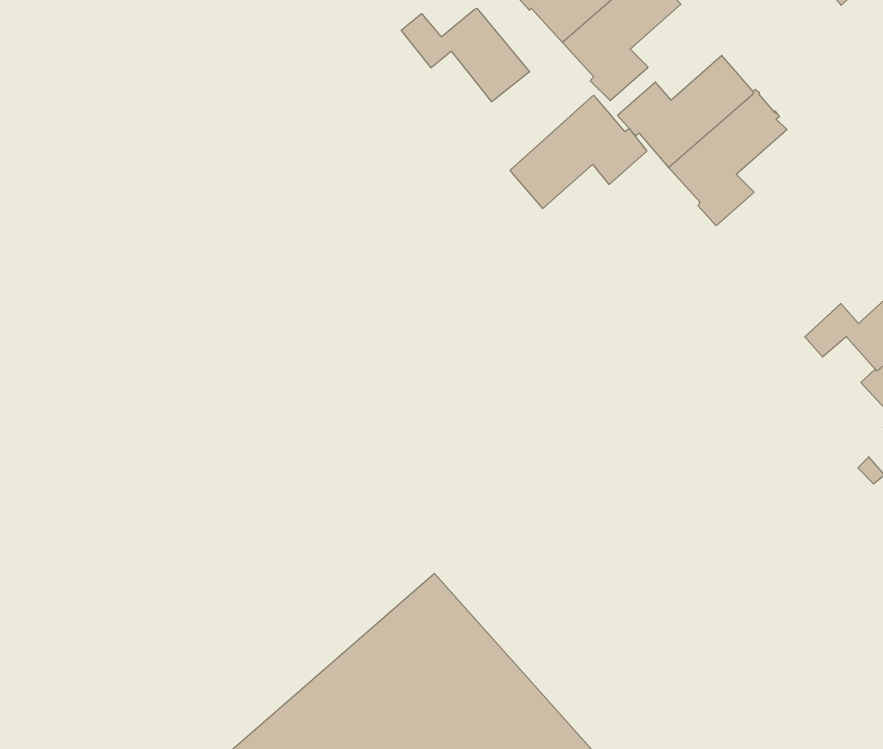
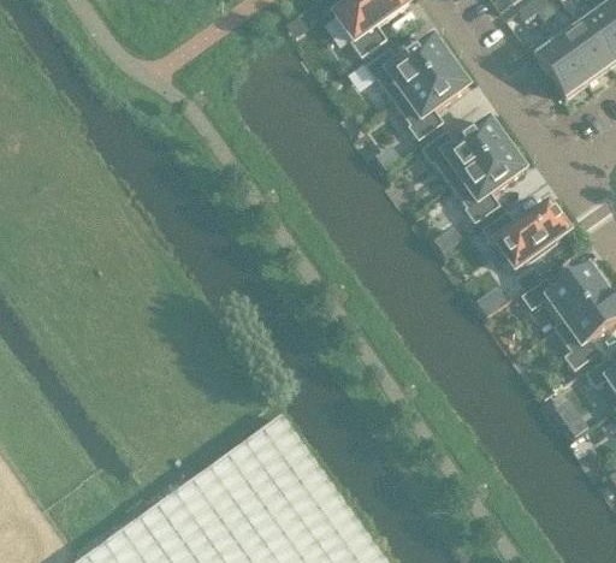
building: [401,8,530,102] -> none
building: [510,95,647,209] -> none
building: none -> [484,201,570,268]

